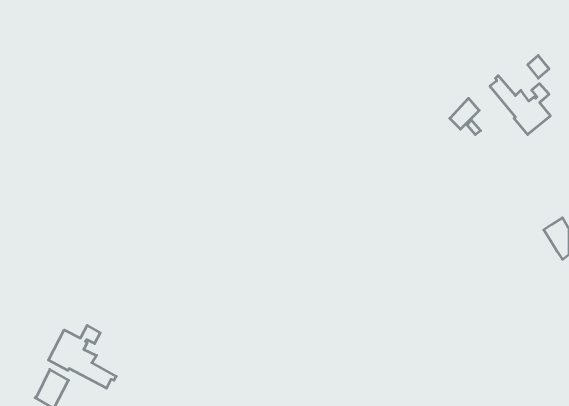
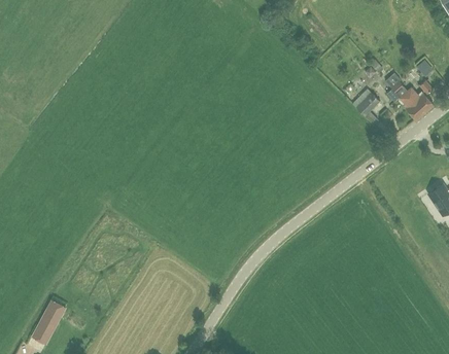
building: [48,325,116,388] -> none

